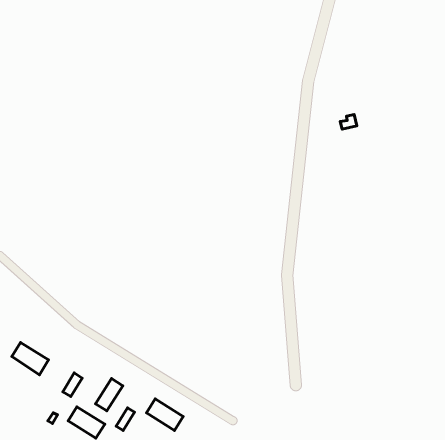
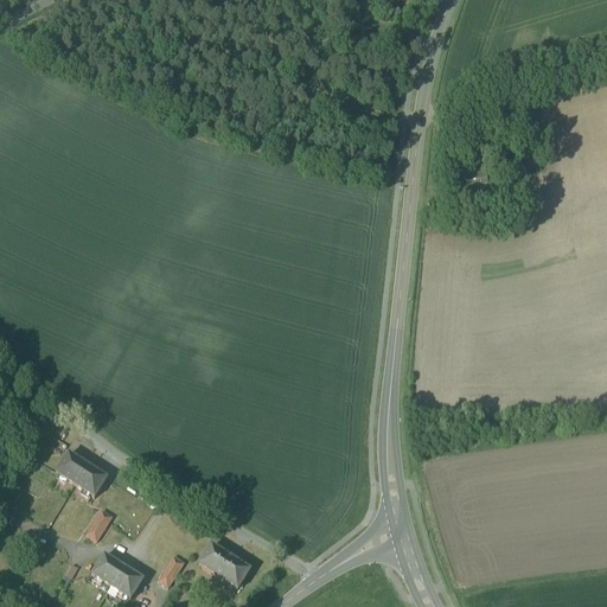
building: [12,342,48,375] -> [57,451,107,494]
building: [96,379,123,411] -> none

